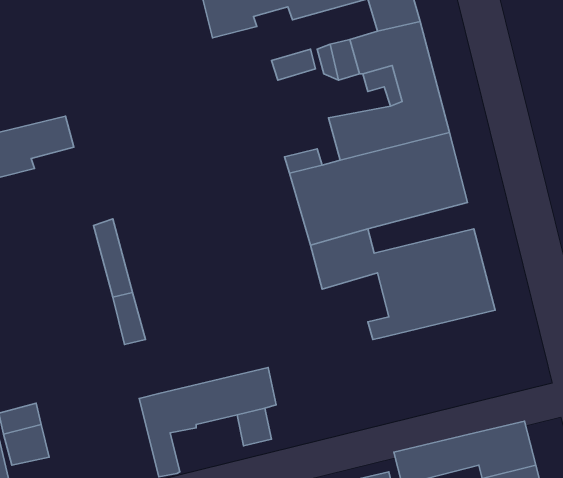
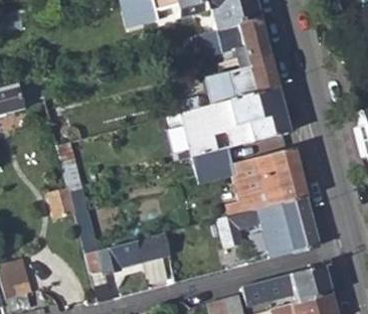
building: none -> [217,198,319,258]

